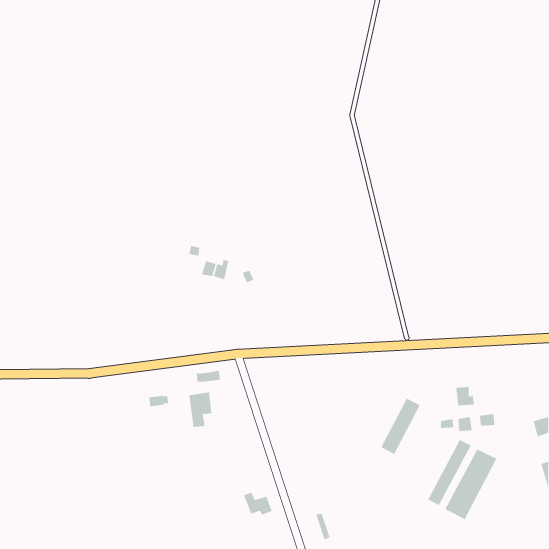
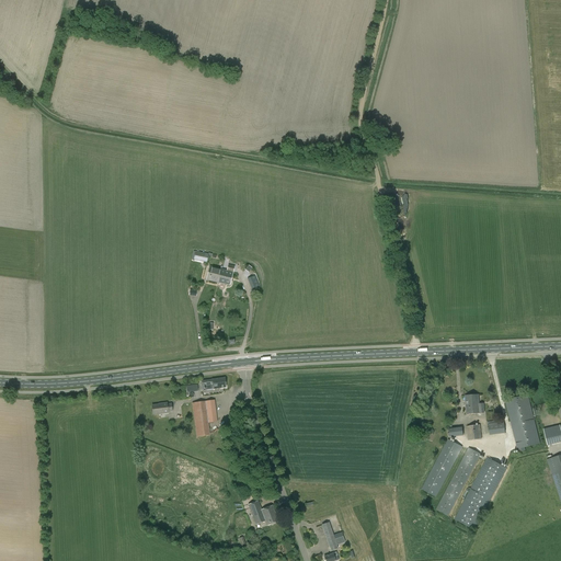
building: none -> [504,393,539,451]
building: [381,398,420,455] -> [421,438,461,496]

